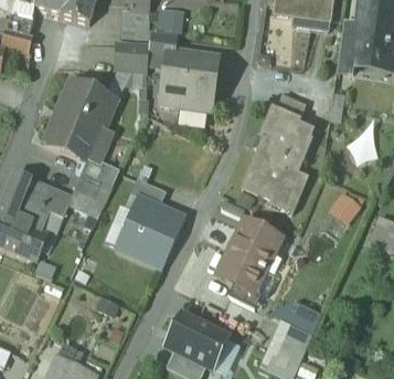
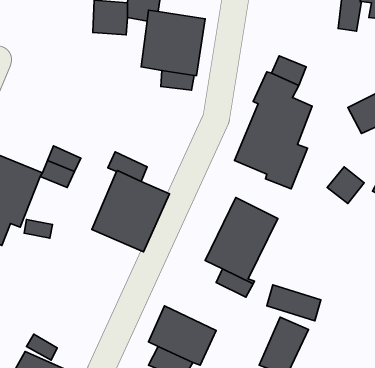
building: [44,78,116,164] -> none

